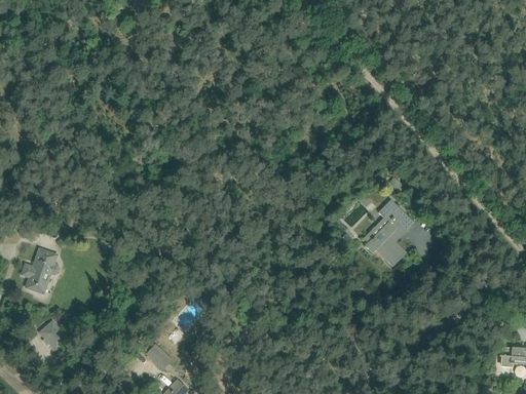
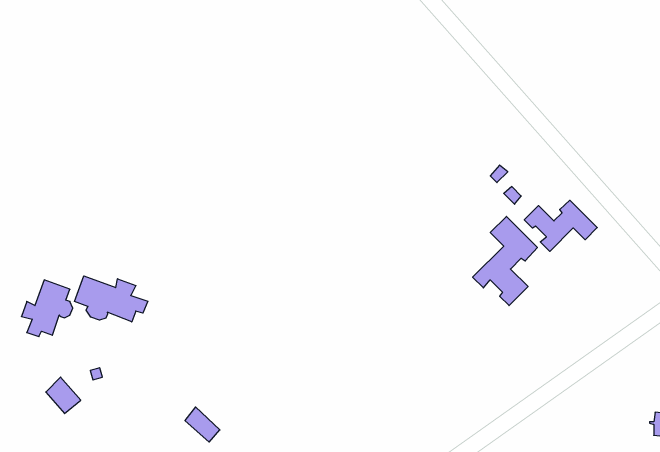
building: none -> [524,200,597,251]
building: none -> [75,276,148,322]

